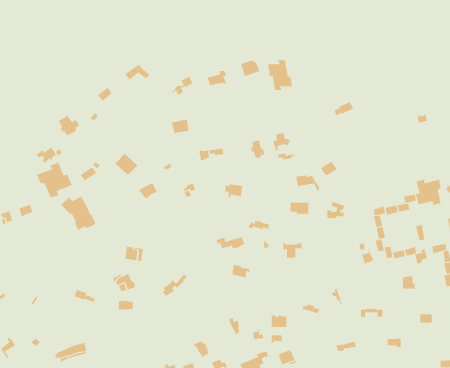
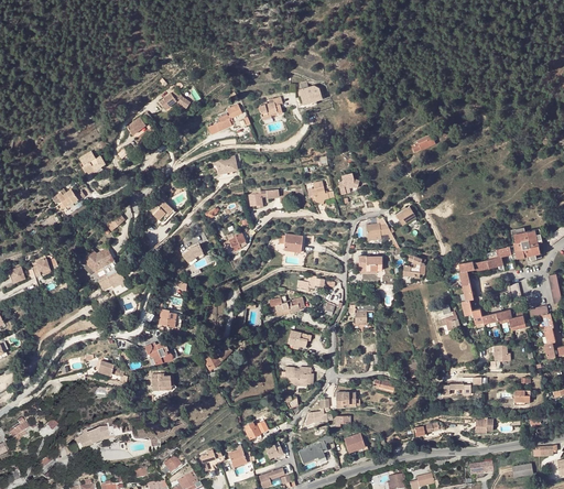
building: [267,59,293,91] -> none
building: [36,162,72,198] -> none
building: none -> [284,367,313,385]

